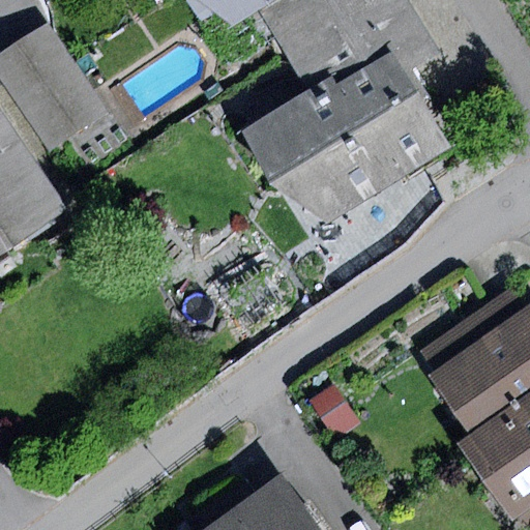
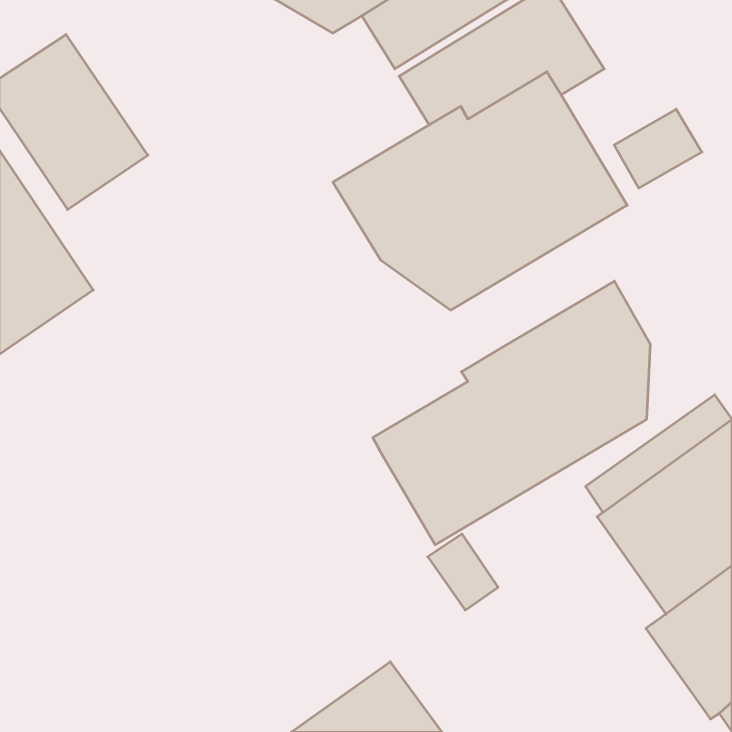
building: none -> [373,281,650,545]

